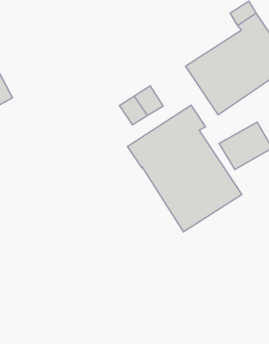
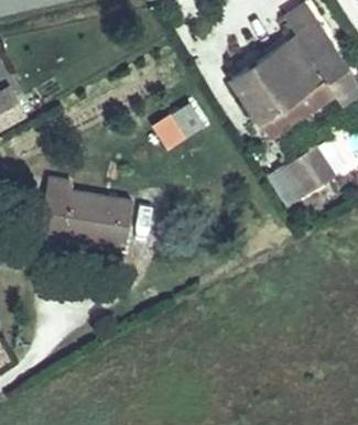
building: [128,105,242,232] -> none
building: none -> [37,179,132,249]

